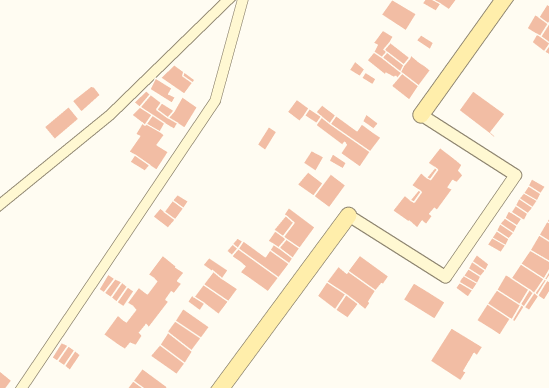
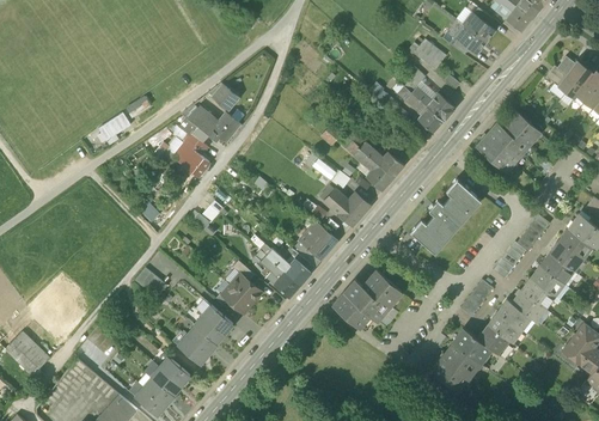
building: none -> [491,110,539,153]
building: [103,255,184,350] -> none
building: [403,283,445,319] -> [453,329,491,364]

